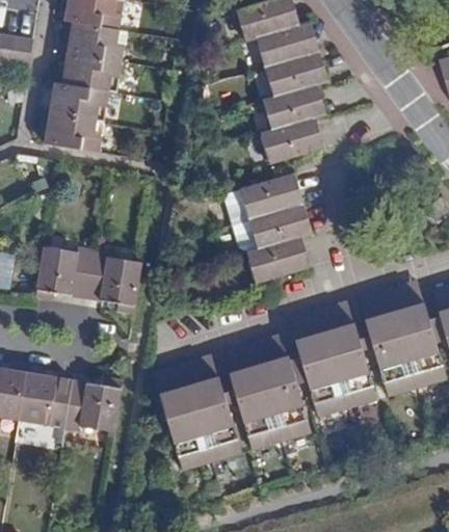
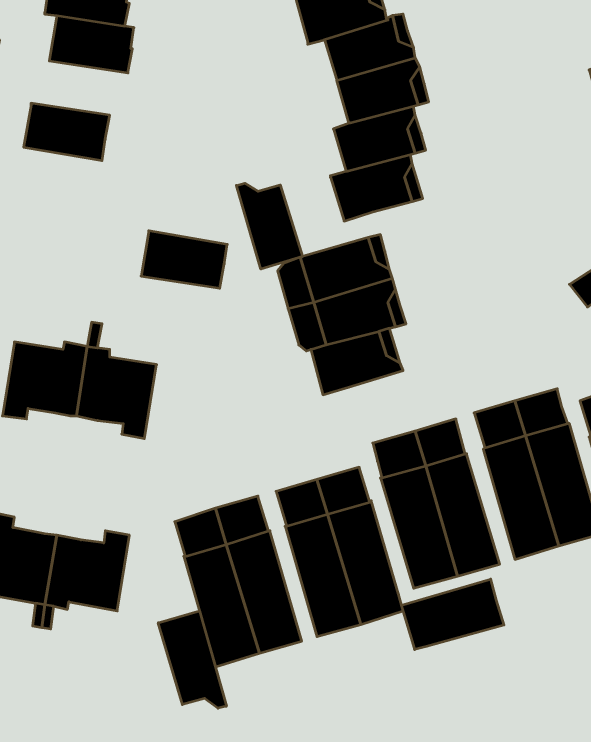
building: [61,53,121,91] -> none
building: [44,112,103,152] -> [141,231,227,288]
building: none -> [236,183,302,269]
building: none -> [402,579,504,650]
building: none -> [158,611,226,708]

